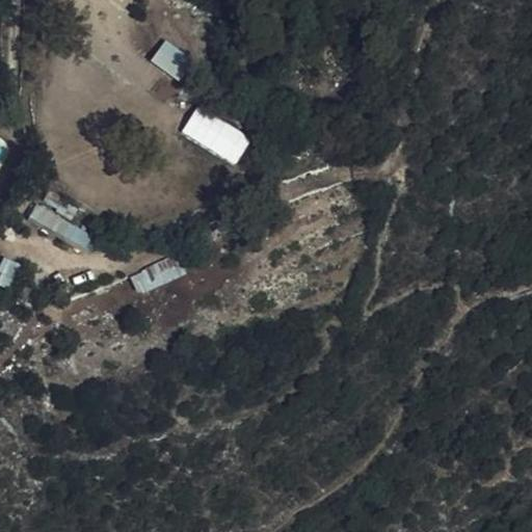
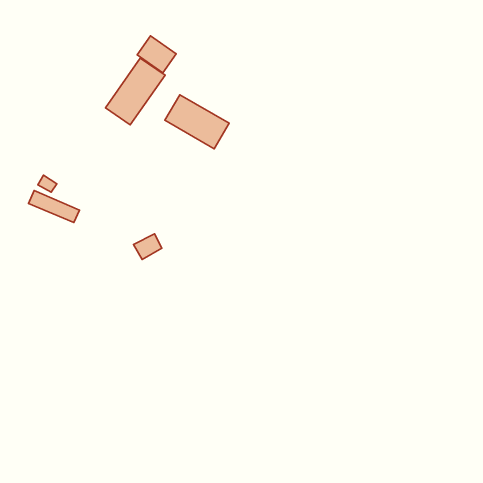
building: none -> [105,58,165,125]

